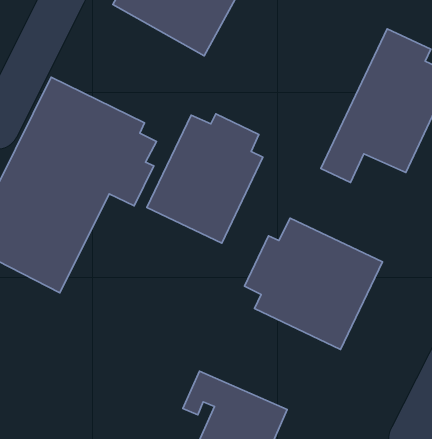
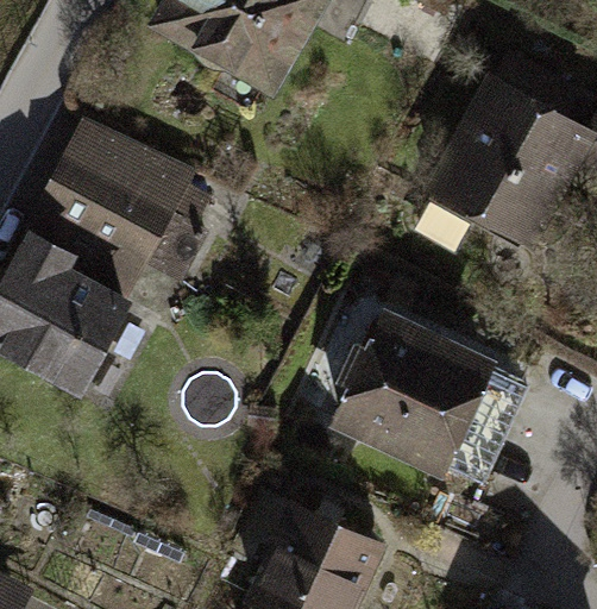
building: [147,114,263,243] -> none

